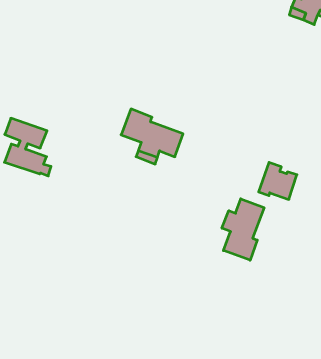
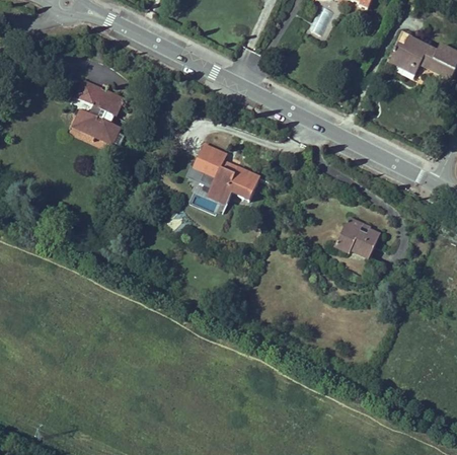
building: [4,118,51,176] -> [74,81,125,148]
building: [222,199,264,260] -> none

